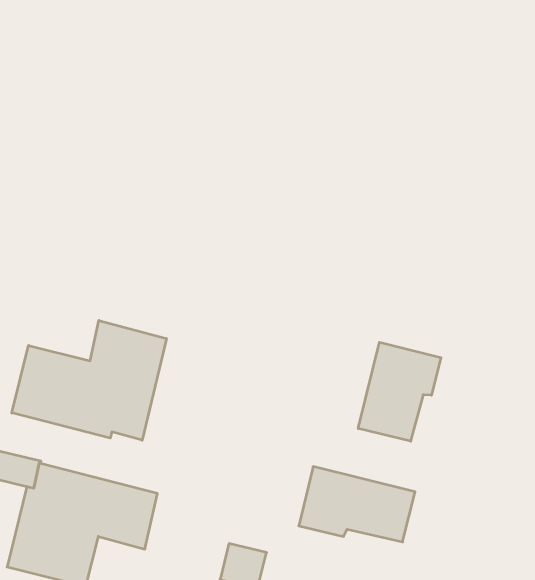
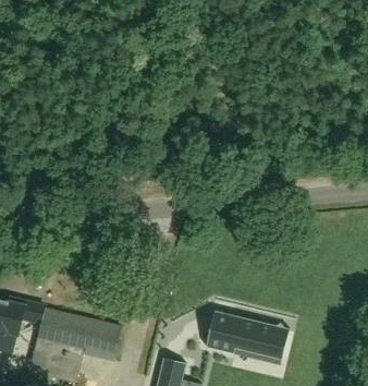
building: [12,320,166,440] -> none
building: [358,342,441,441] -> none

